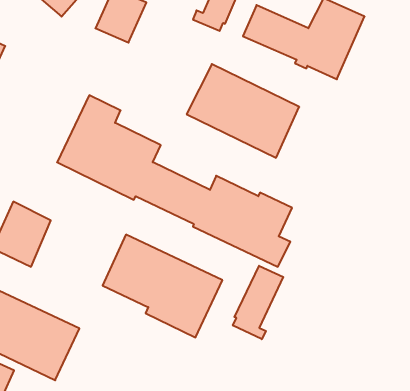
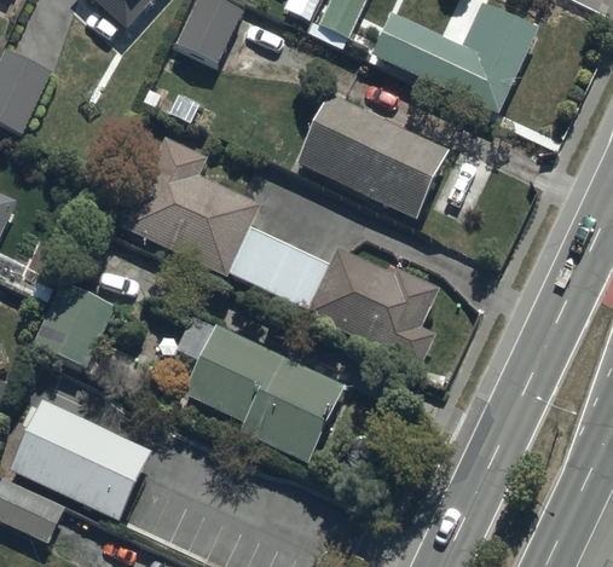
building: [233,266,283,339] -> none

